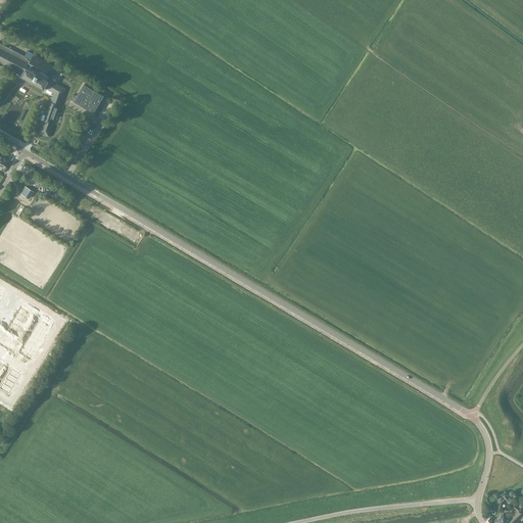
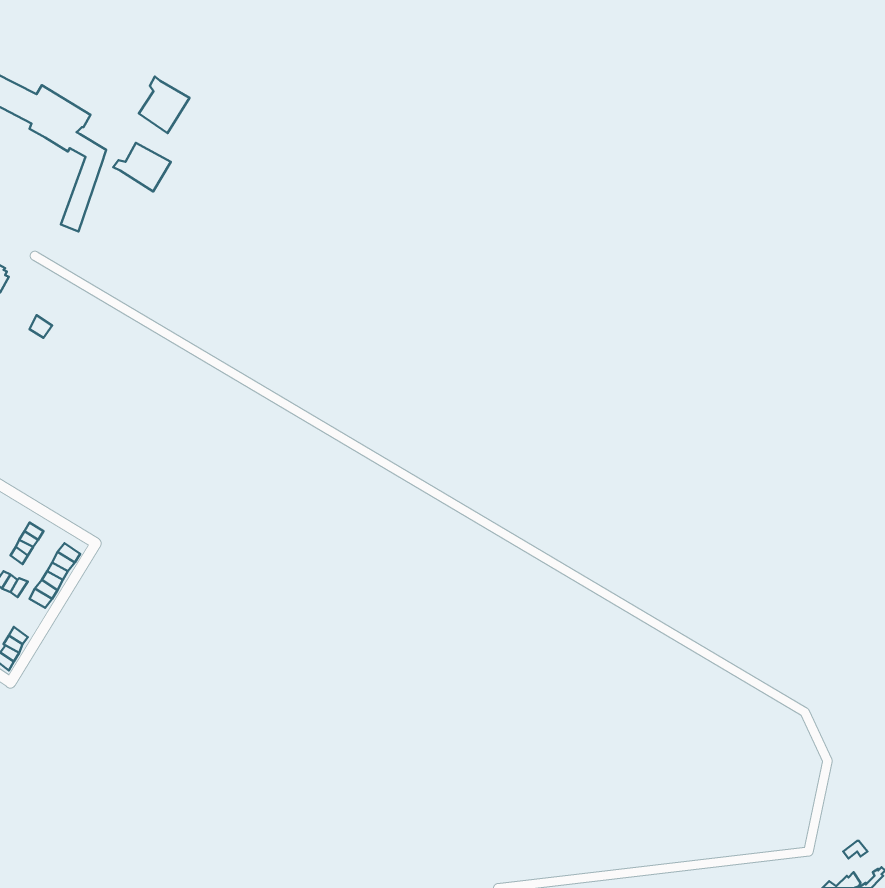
building: none -> [139,76,190,133]

